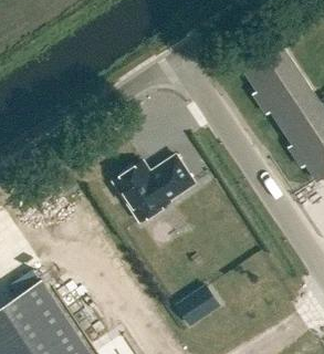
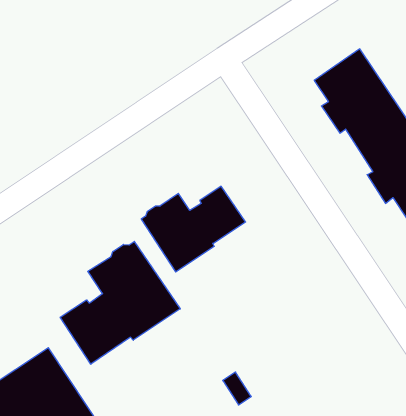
building: none -> [60,241,180,364]

